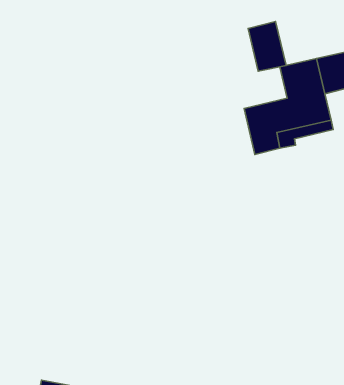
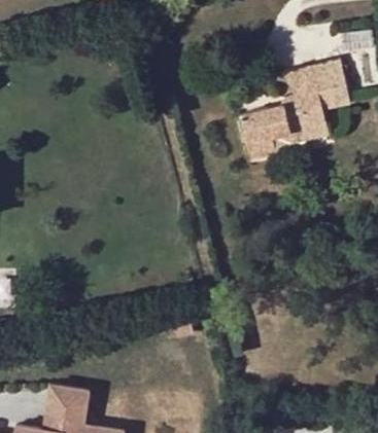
building: [248,21,286,71] -> none

